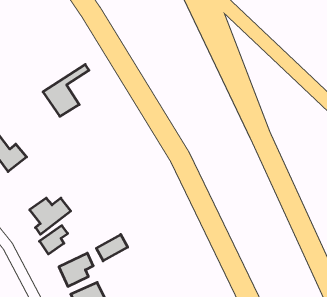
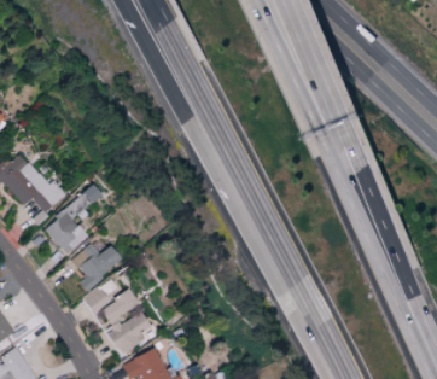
building: [43,64,89,116] -> [42,191,99,255]
building: [96,234,128,261] -> [99,291,138,323]

